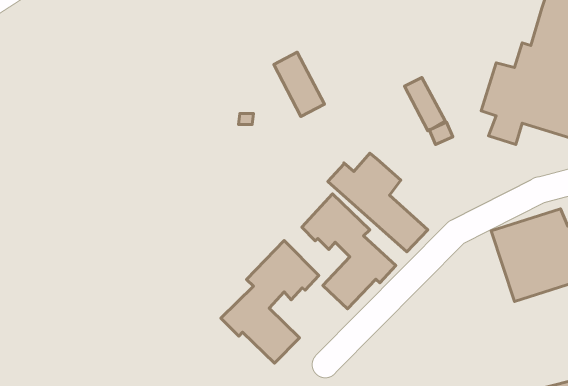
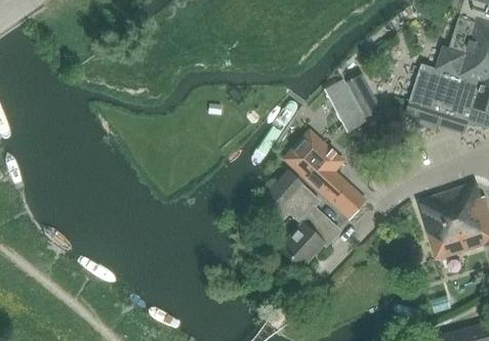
building: [274,52,324,117] -> [323,78,365,131]
building: [221,241,319,363] -> none

